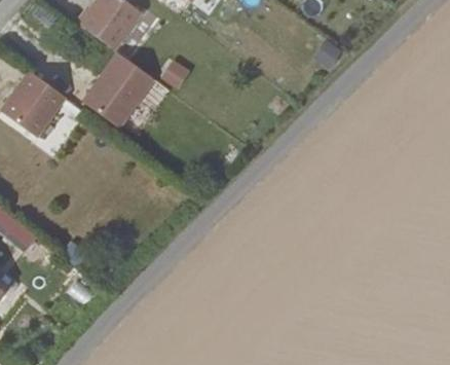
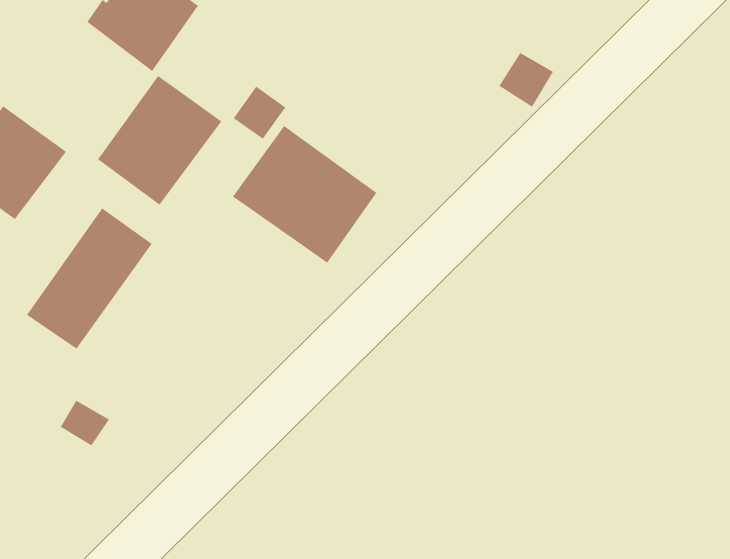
building: none -> [232,125,377,264]
building: none -> [26,207,152,349]

